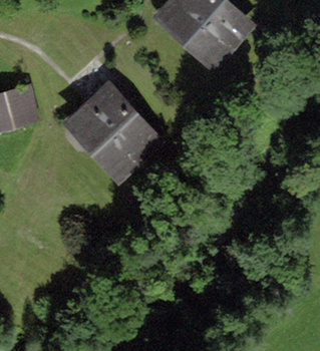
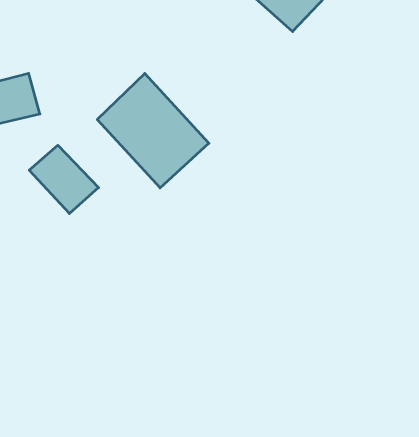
building: none -> [29,145,99,214]

